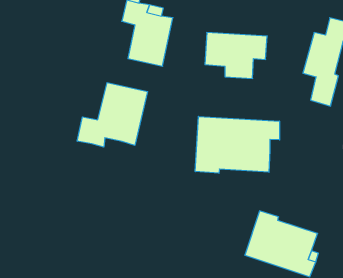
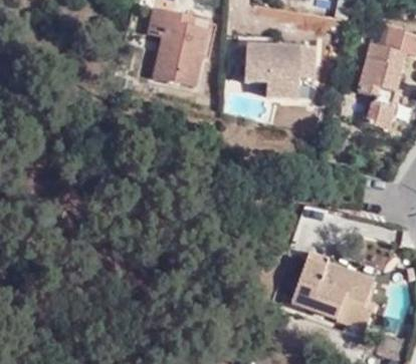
building: [77,83,148,147] -> none
building: [195,116,280,173] -> none

